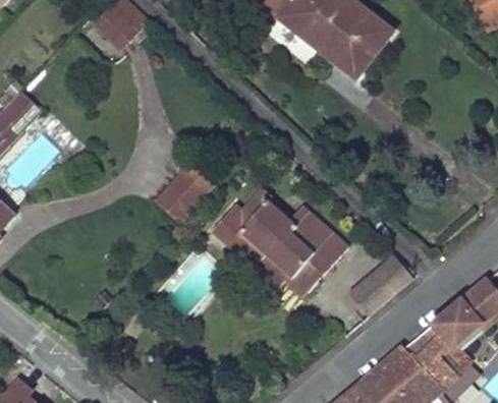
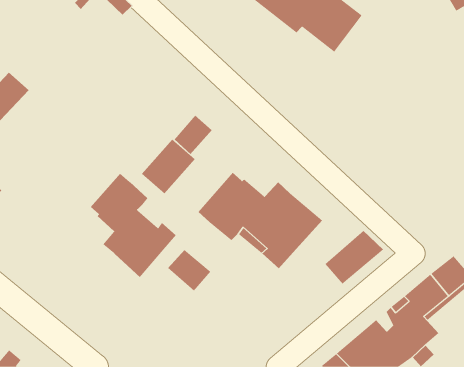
building: none -> [174,115,213,155]
building: none -> [90,173,177,278]
building: none -> [167,249,211,291]

